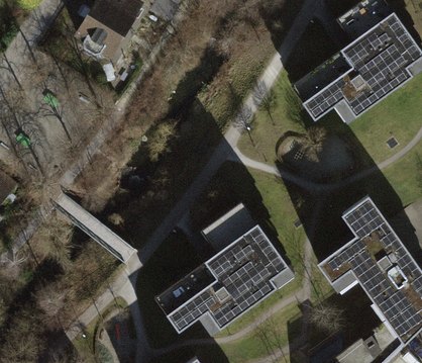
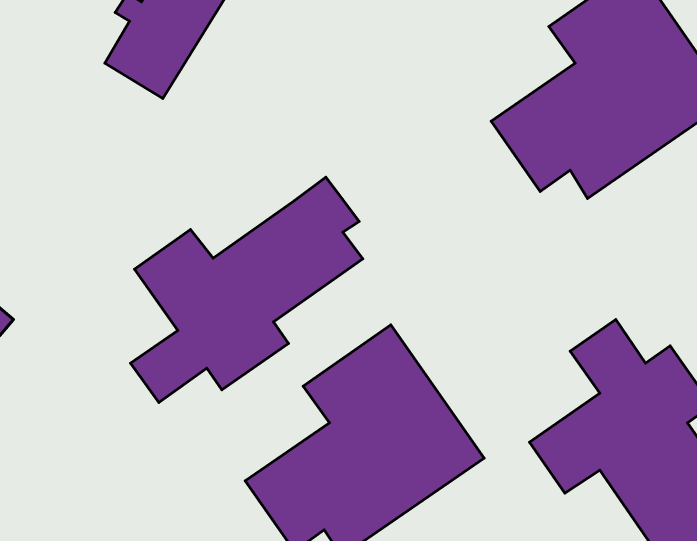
building: none -> [131,177,363,403]

